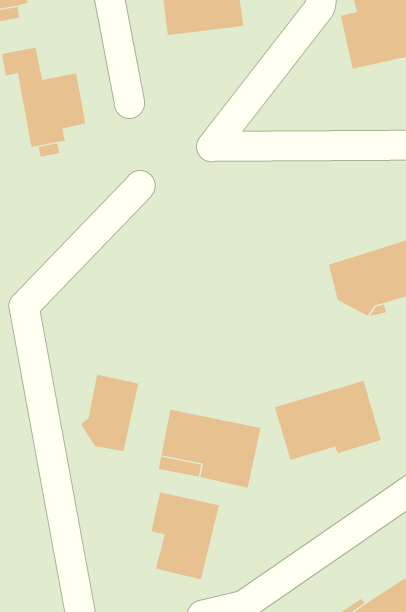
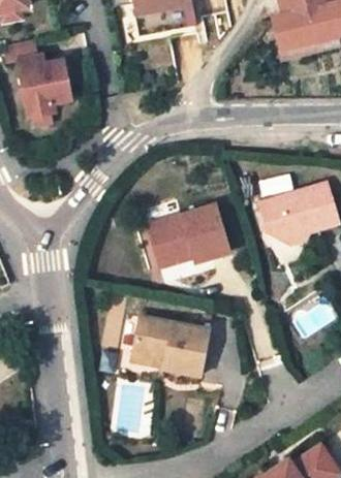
building: [80,374,139,452] -> none
building: [274,380,382,461] -> [146,206,228,268]
building: [150,491,220,580] -> none

